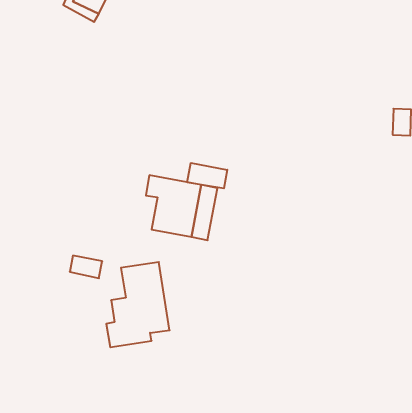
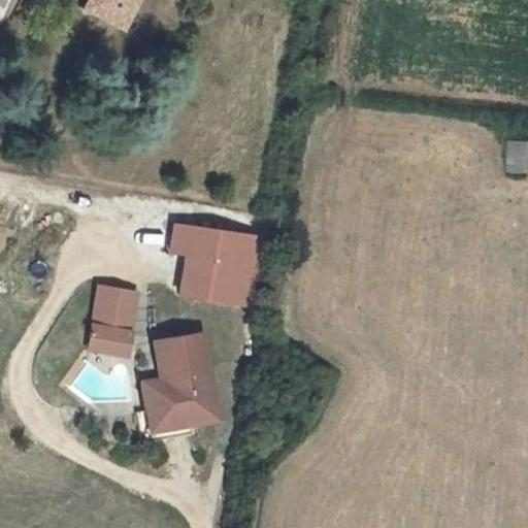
building: [187,163,227,188] -> none
building: none -> [96,288,136,324]

